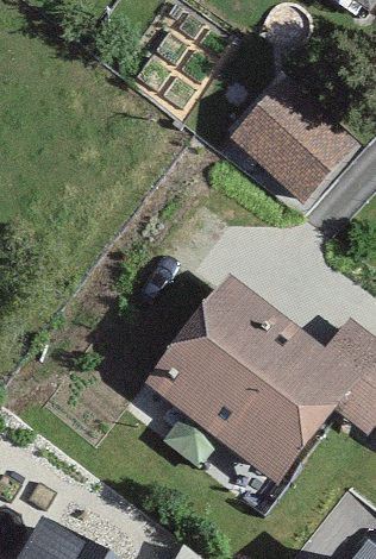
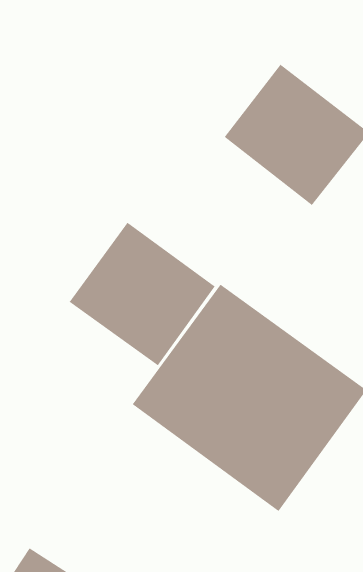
building: none -> [69,222,215,366]

